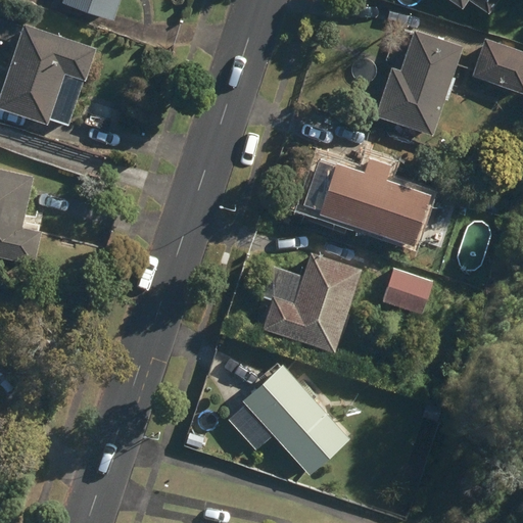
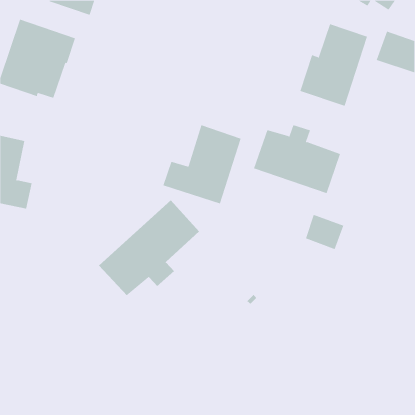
building: none -> [98,200,200,296]
building: [262,252,361,352] -> [163,125,242,204]
building: [220,366,347,474] -> none

